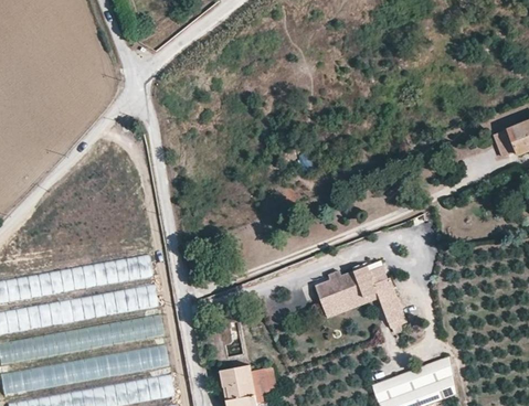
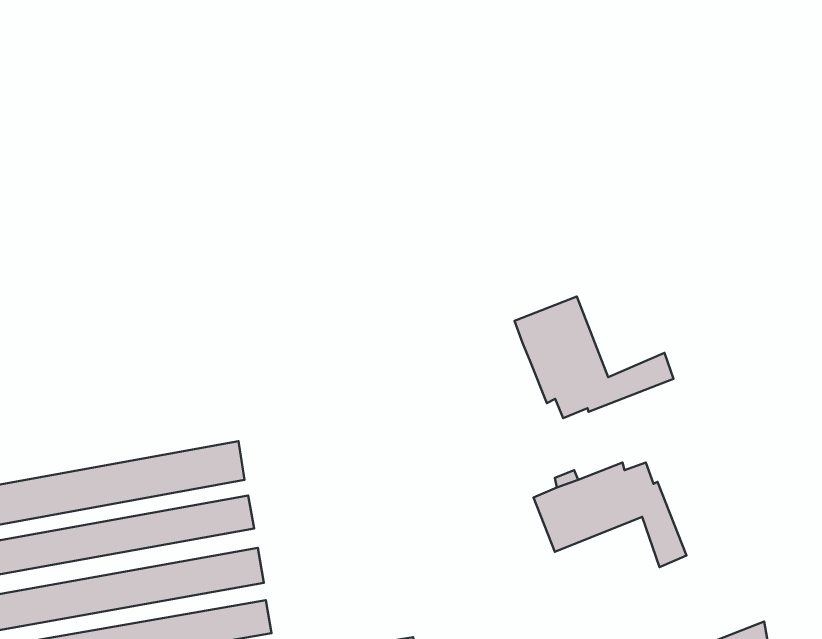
building: none -> [514,296,673,418]

